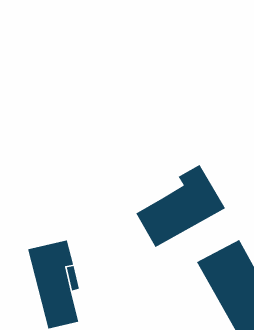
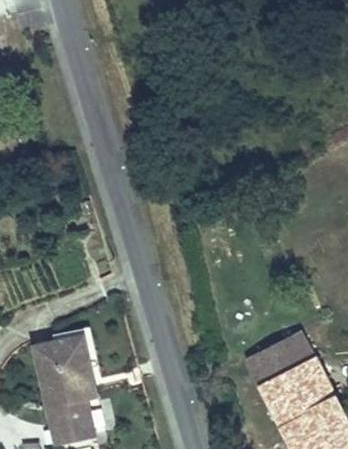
building: [135,164,226,248] -> none

